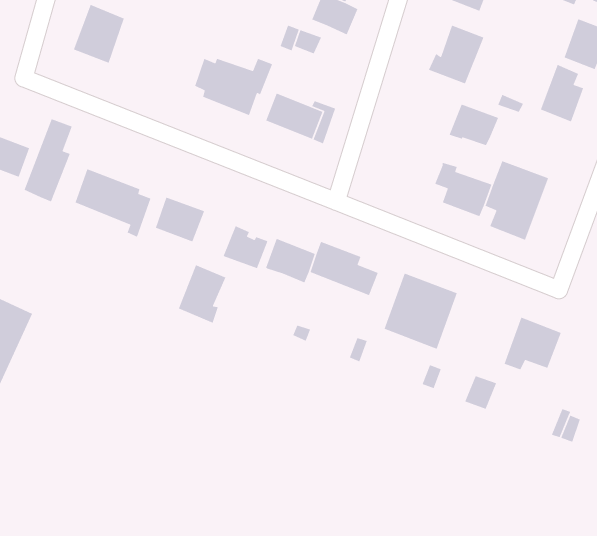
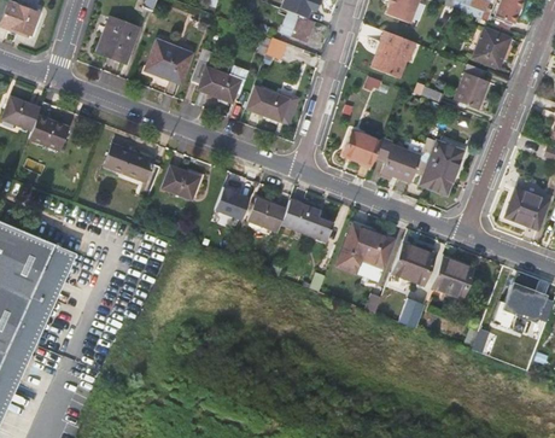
building: none -> [146,40,192,84]
building: [449,103,499,146] -> [343,130,381,163]
building: [24,118,73,203] -> none
building: [178,264,227,324] -> none
building: none -> [391,241,433,284]

